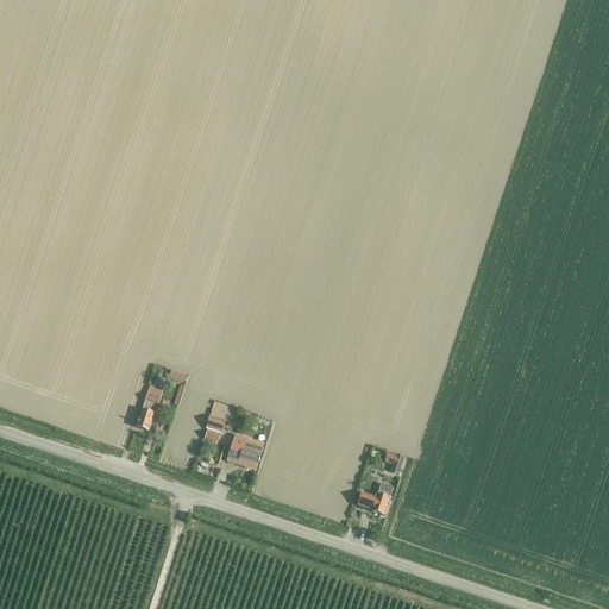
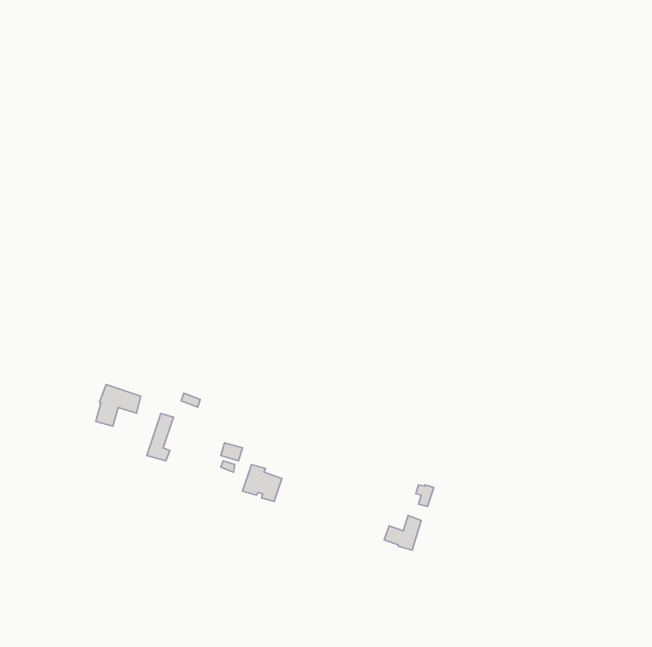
building: none -> [96,384,141,426]

